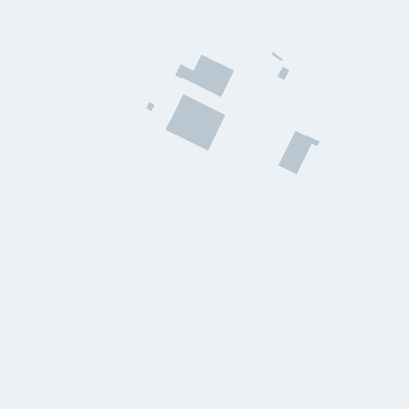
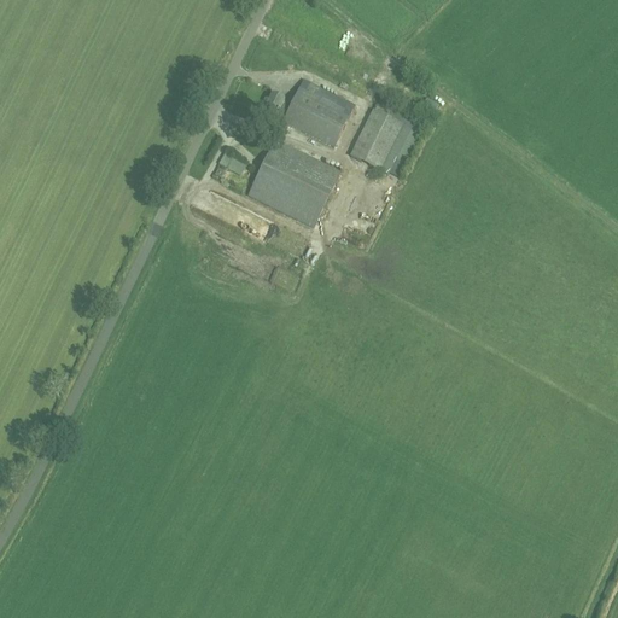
building: [278,130,321,175] -> [349,104,414,171]

